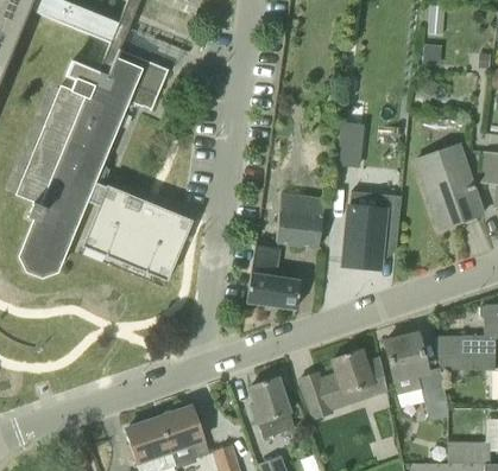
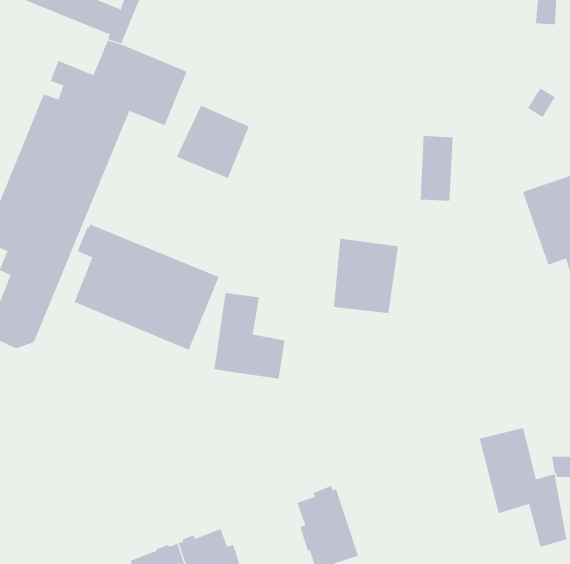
building: none -> [176,105,250,179]
building: [341,185,397,262] -> none
building: [247,244,301,308] -> [213,292,286,379]
building: [300,349,389,419] -> none

